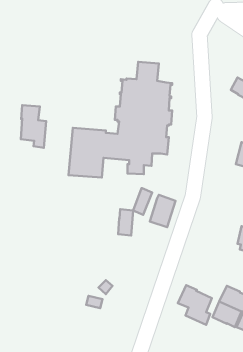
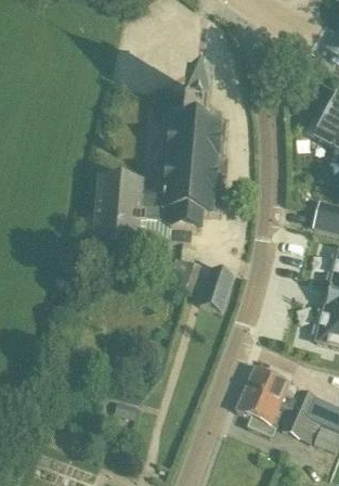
building: [21,105,46,148] -> none
building: [118,209,133,236] -> none
building: none -> [247,361,298,404]

